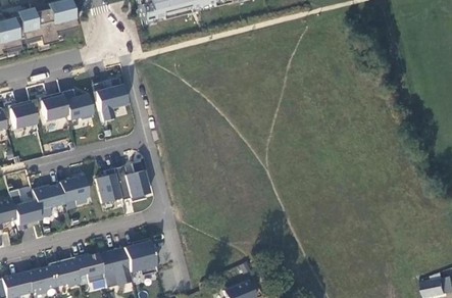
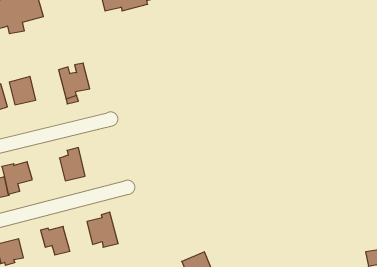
building: [61,90,92,120] -> none
building: [113,161,146,202] -> none
building: [58,177,88,204] -> none
building: [97,248,131,285] -> none
building: [48,257,79,287] -> none

